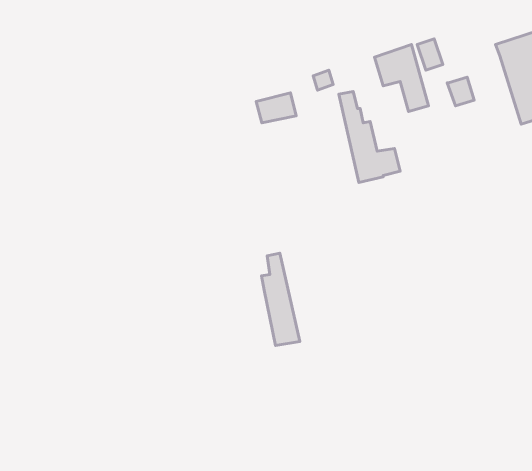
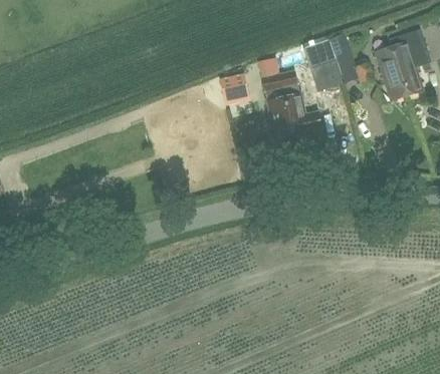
building: none -> [375,47,407,100]
building: [261,253,300,346] -> [265,74,292,139]

